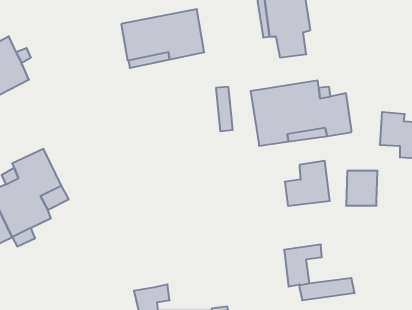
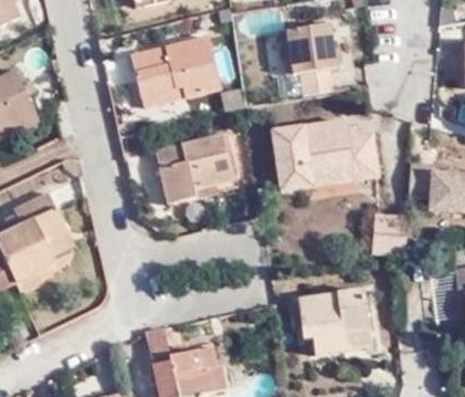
building: none -> [152,140,230,210]
building: [285,161,330,206] -> [327,283,374,331]

